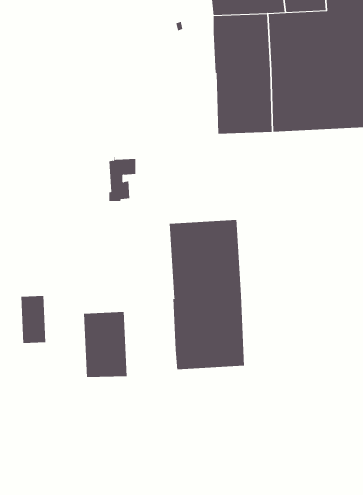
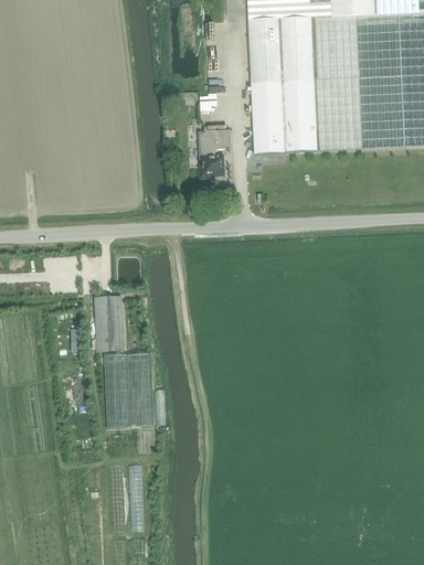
building: [109,156,136,202] -> [199,126,230,177]
building: [169,219,244,370] -> none
building: [21,295,46,344] -> [95,295,124,349]

